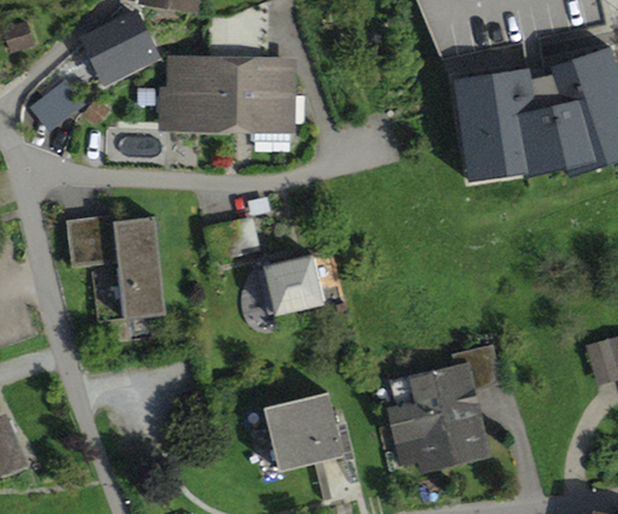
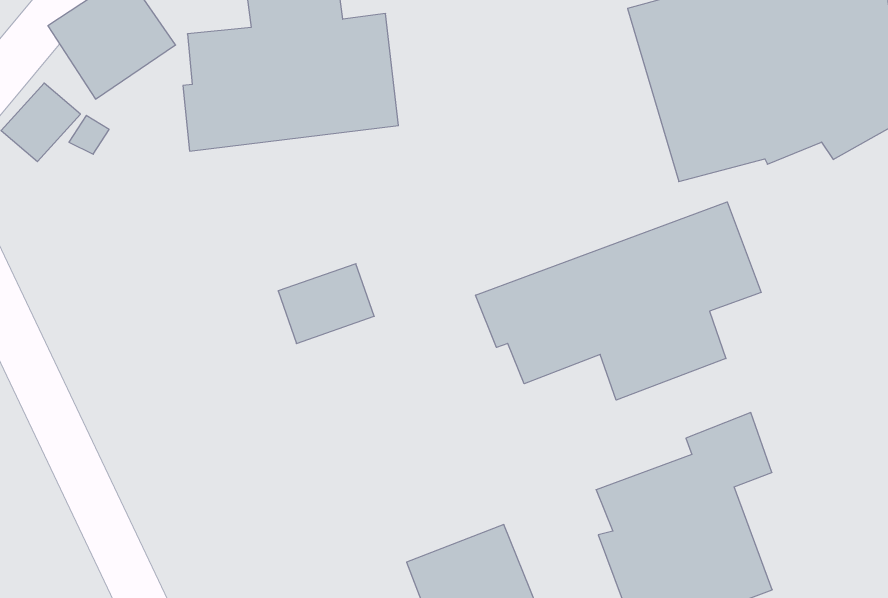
building: none -> [476,202,761,400]
building: [66,214,167,320] -> none
building: [262,255,325,317] -> none

